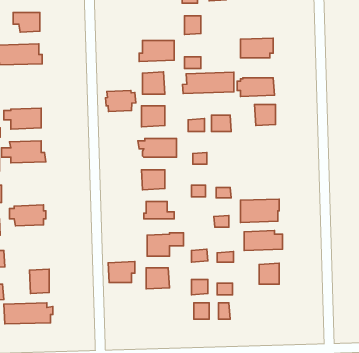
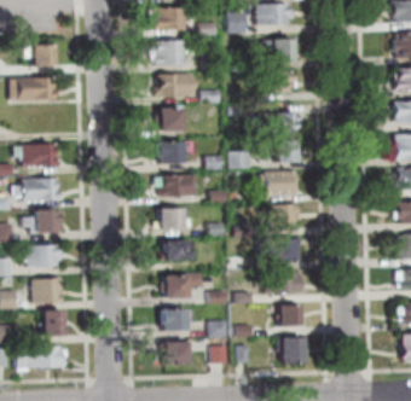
building: none -> [266,40,296,62]
building: none -> [157,41,187,65]
building: [183,72,234,94] -> none
building: [106,90,136,112] -> none
building: none -> [261,172,301,194]
building: none -> [274,204,301,231]
building: none -> [27,210,59,233]
building: none -> [34,279,63,304]
building: [108,262,135,283] -> [166,343,193,365]
building: none -> [284,338,307,365]

